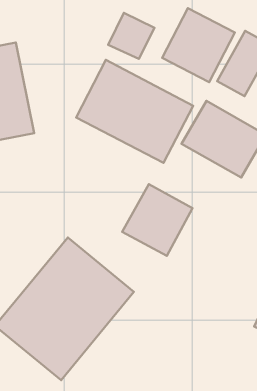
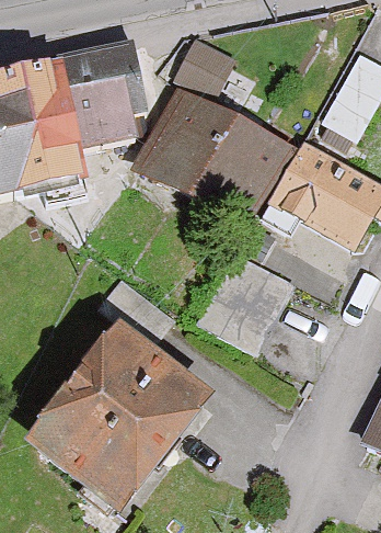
building: [162,8,235,82] -> none
building: none -> [53,36,131,146]

